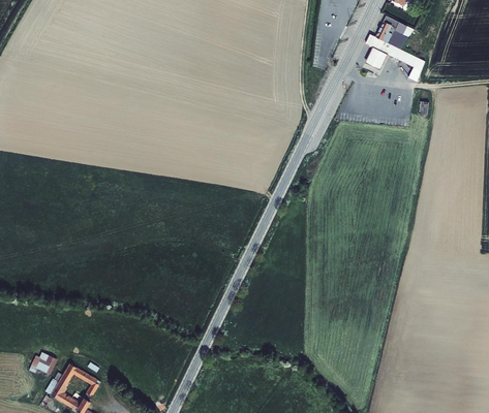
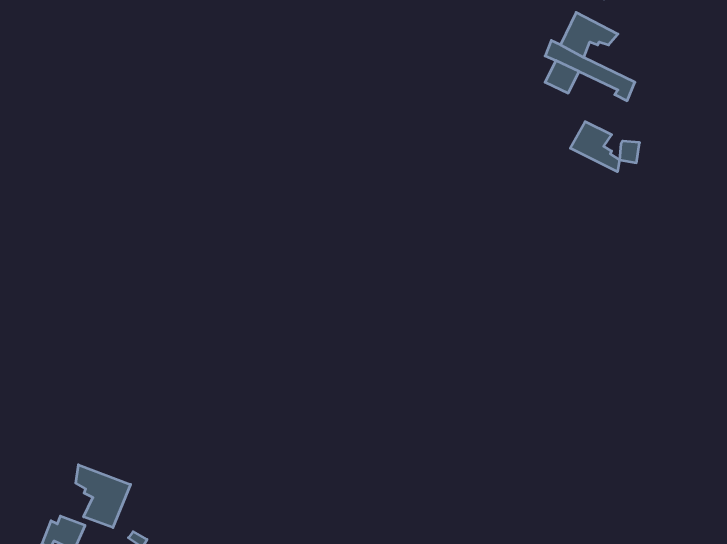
building: none -> [570,122,619,172]
building: none -> [76,465,131,528]

